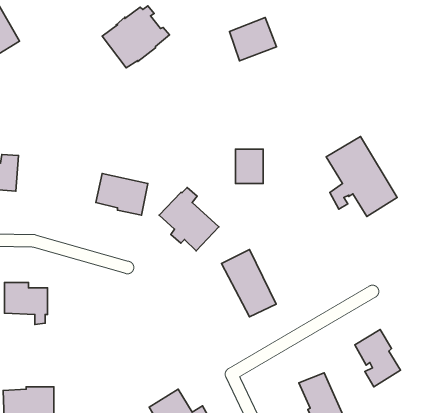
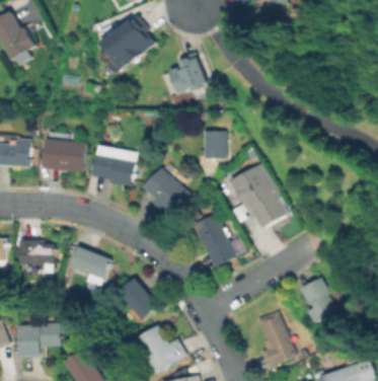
building: [229,17,276,61] -> [169,61,207,95]
building: [326,137,397,217] -> [230,164,287,228]
building: none -> [43,138,85,172]
building: none -> [71,245,111,285]
building: none -> [120,278,159,319]

